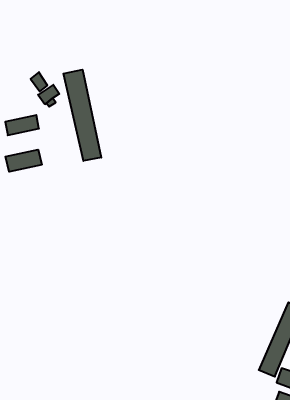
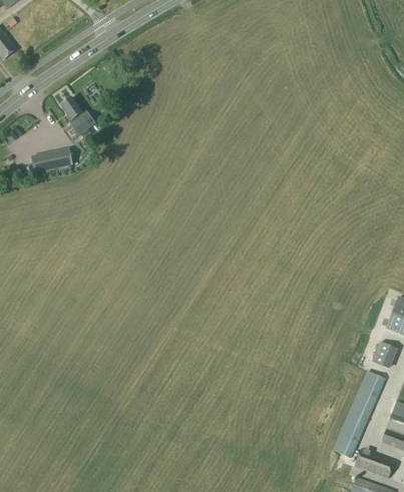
building: [63,70,101,161] -> none
building: [5,150,42,172] -> none

